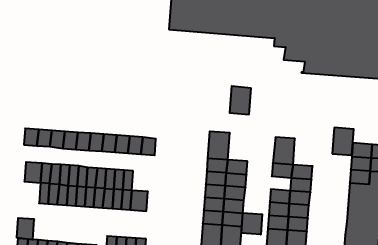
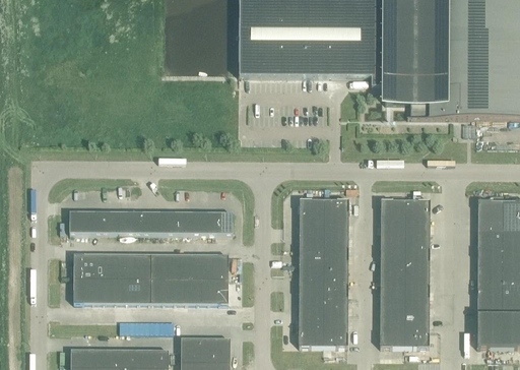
building: [230,86,251,114] -> [324,198,348,232]
building: [332,128,354,155] -> [405,199,430,232]
building: none -> [207,254,228,279]
building: none -> [380,248,404,264]
building: [241,213,262,235] -> none
building: [17,218,34,240] -> [73,278,93,303]

